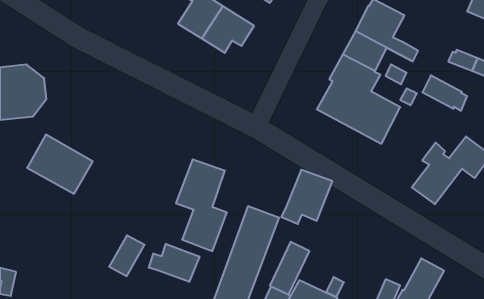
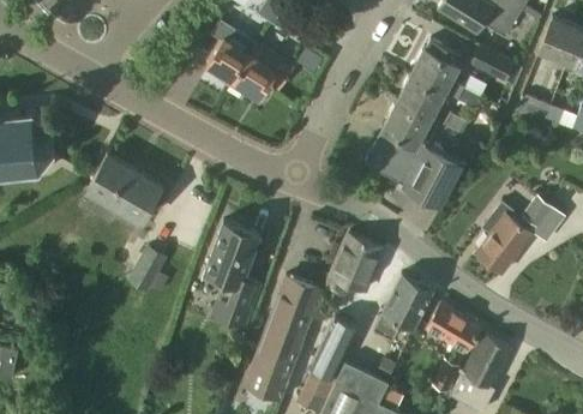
building: [422,75,467,111] -> [470,44,522,85]
building: [27,134,93,194] -> [86,155,162,223]
building: none -> [374,275,434,341]
building: none -> [426,304,481,353]
building: [109,235,145,276] -> [128,246,169,293]
building: [149,244,199,282] -> none

